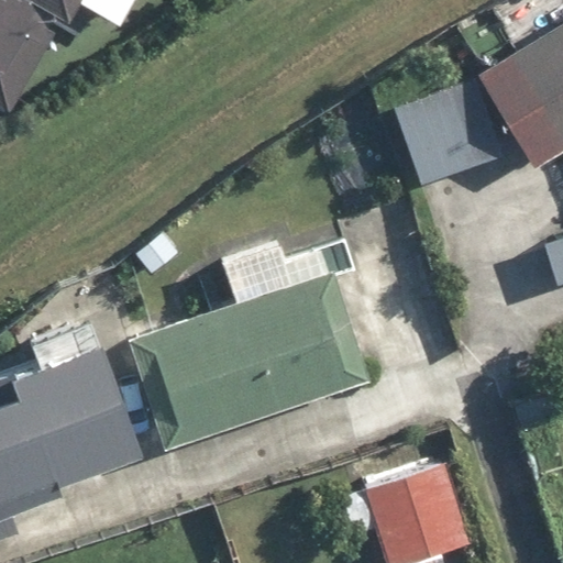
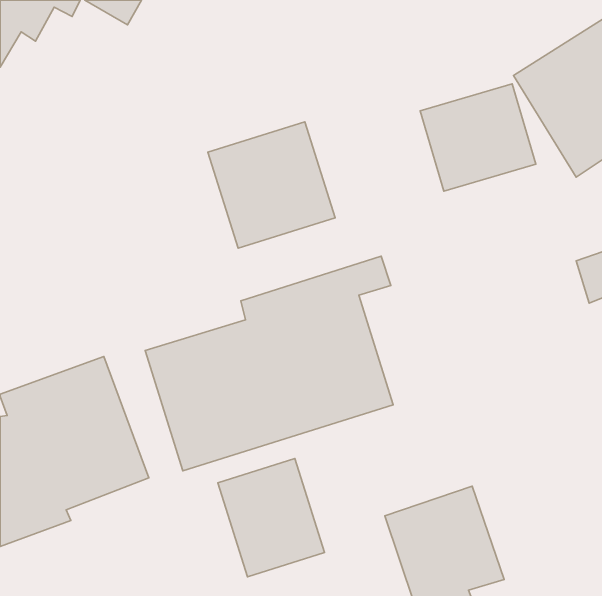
building: none -> [208,122,335,248]
building: none -> [218,459,324,577]

